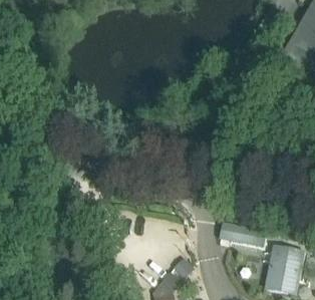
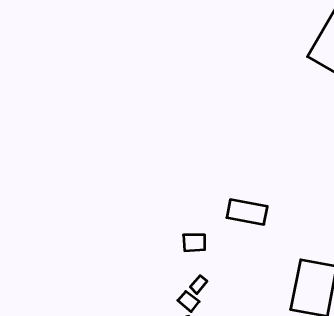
building: [228,228,264,250] -> [227,200,267,224]

